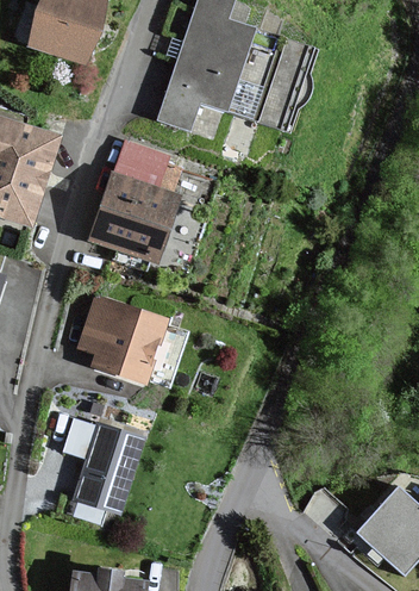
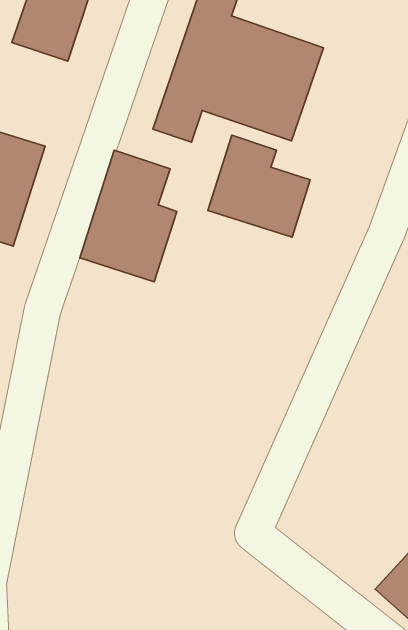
building: none -> [208,135,310,237]
building: [77,296,165,382] -> none
building: [63,415,146,511] -> none

